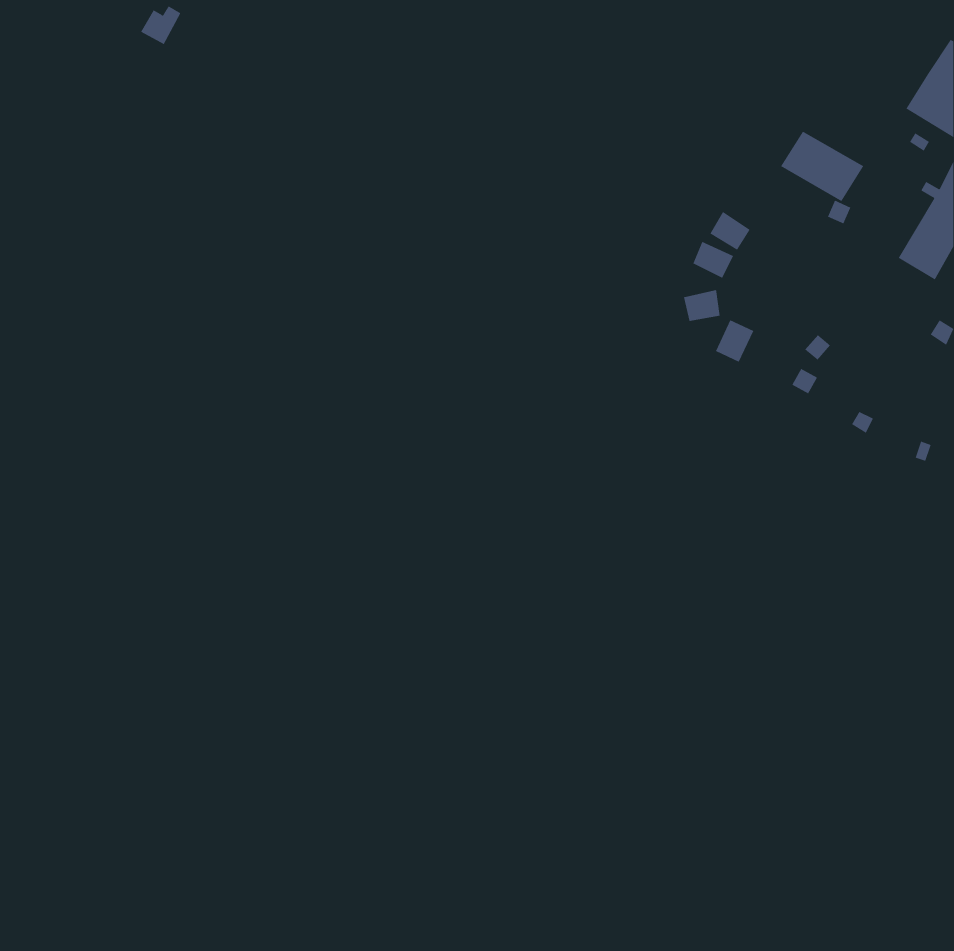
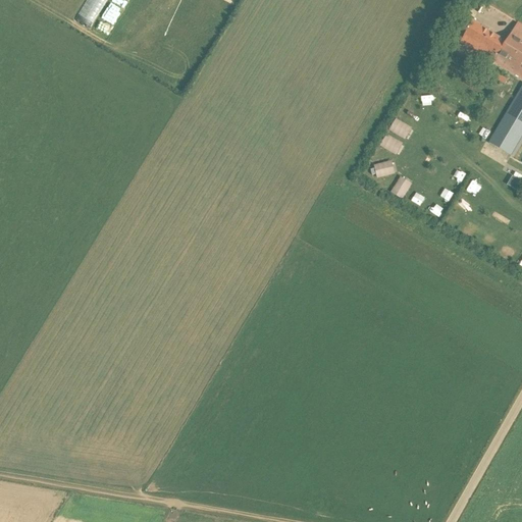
building: [780,131,864,202] -> [461,20,507,59]

